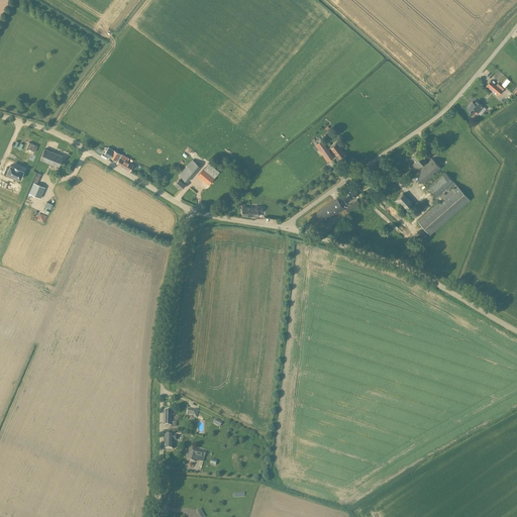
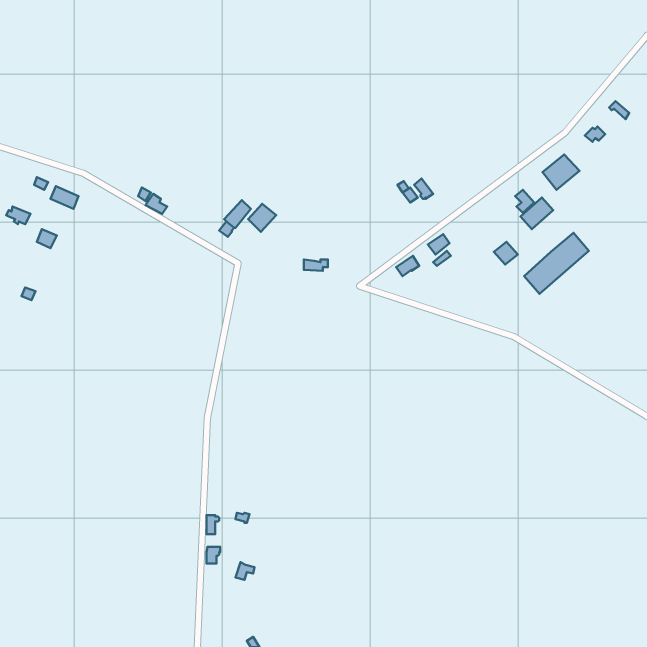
building: [428,173,457,201] -> [543,155,579,190]

